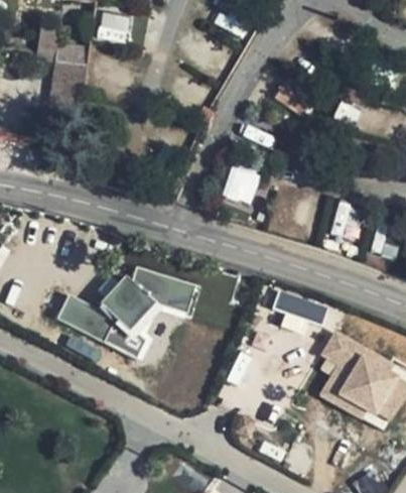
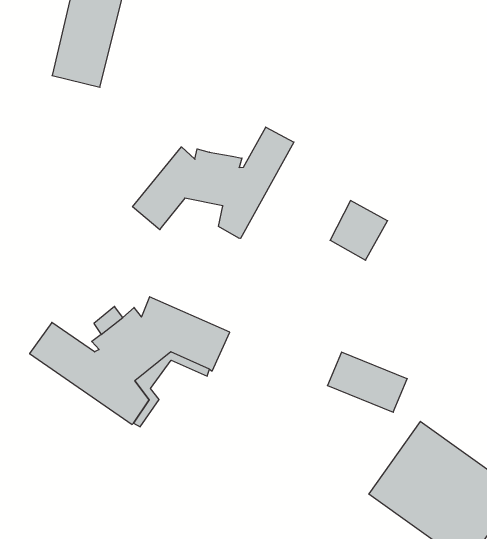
building: none -> [133,127,294,238]
building: [223,161,262,203] -> [330,201,388,260]

